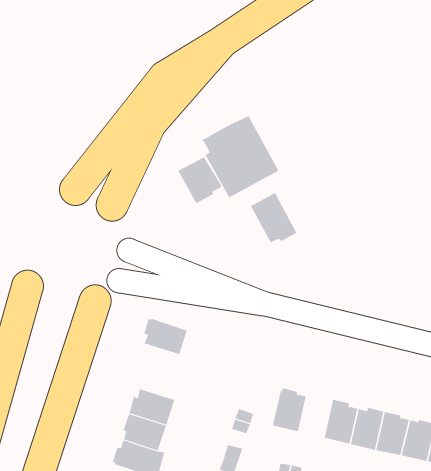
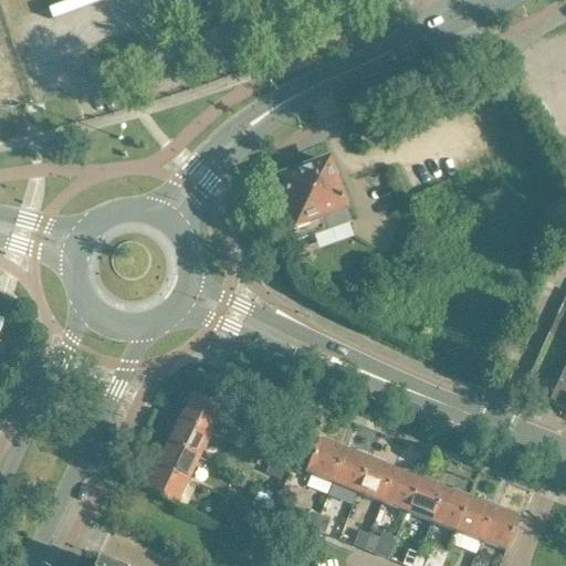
building: [178,156,223,204] -> none
building: [250,192,297,243] -> none
building: [143,318,187,355] -> [181,391,227,432]
building: none -> [334,448,373,492]

